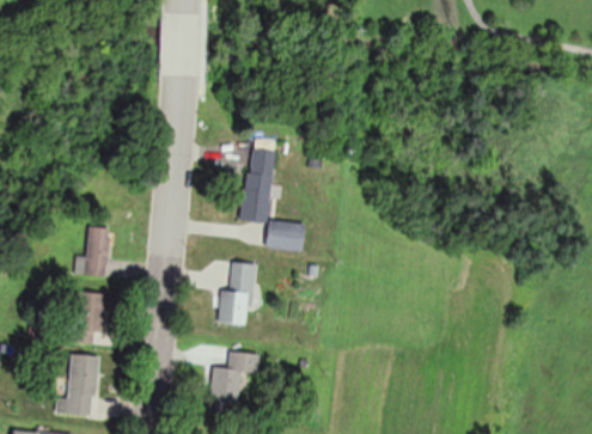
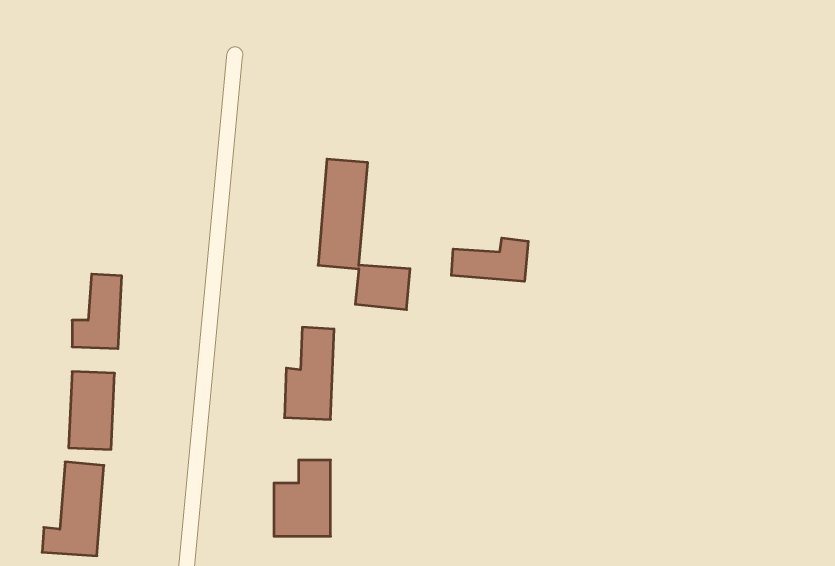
building: none -> [451,238,528,281]

